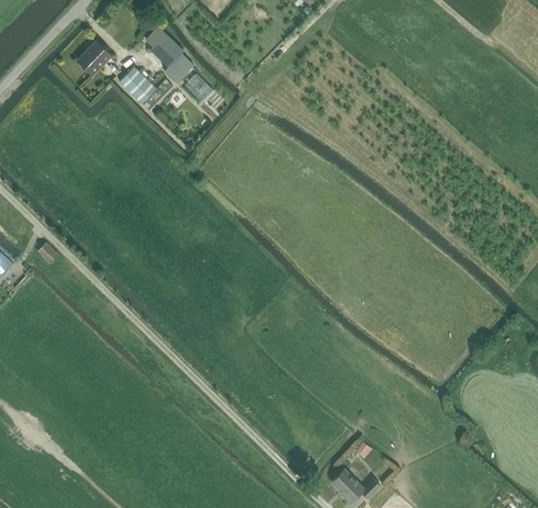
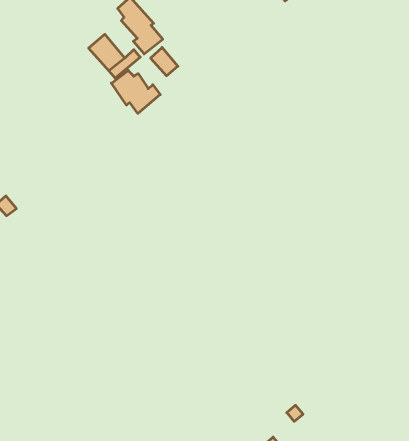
building: [77,40,112,75] -> none
building: none -> [111,70,160,113]

